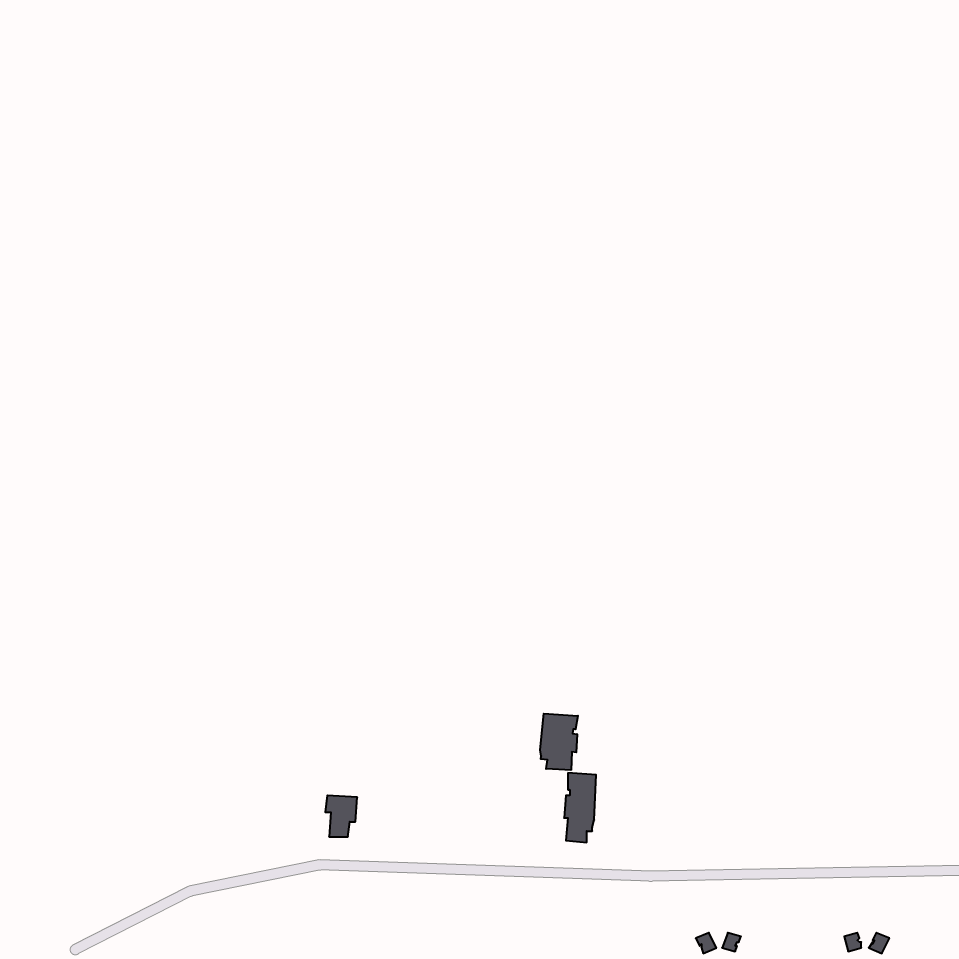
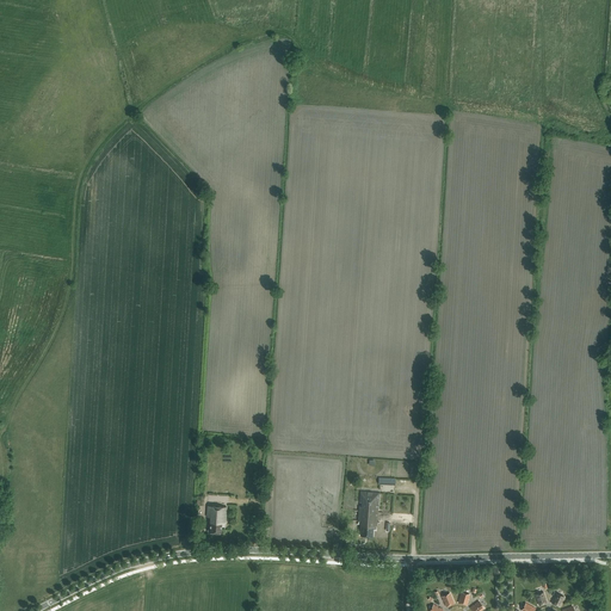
building: [540,714,578,770] -> none

